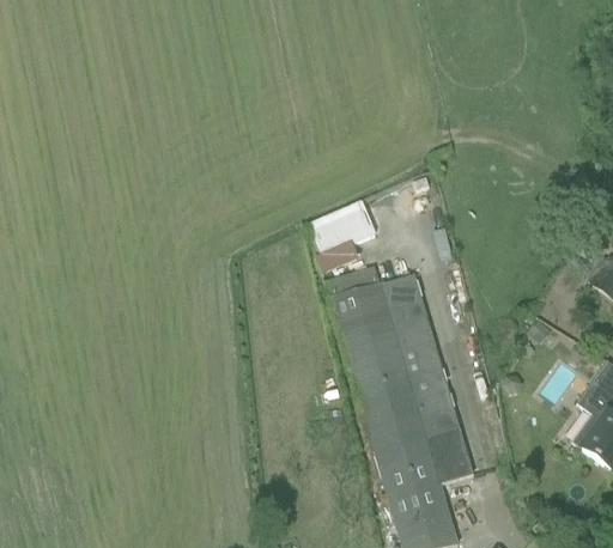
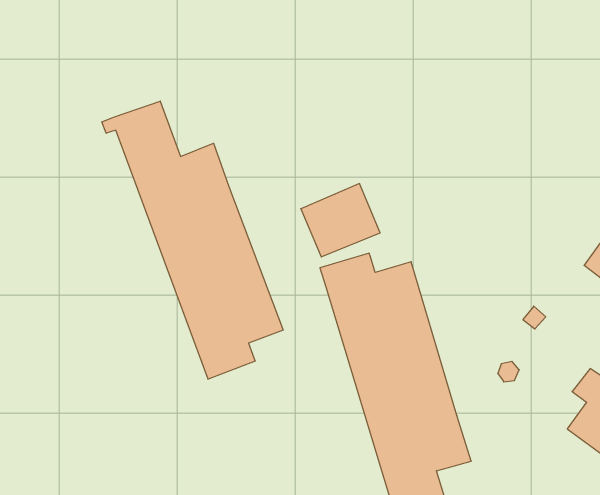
building: none -> [102,101,283,379]

